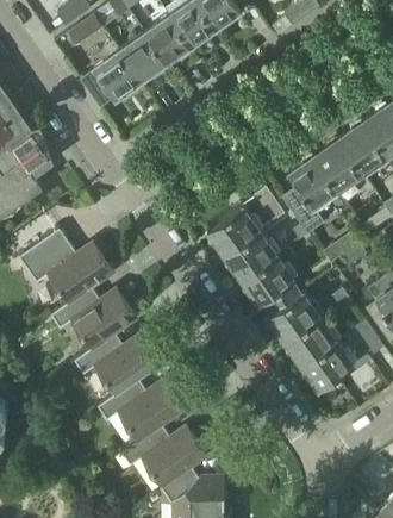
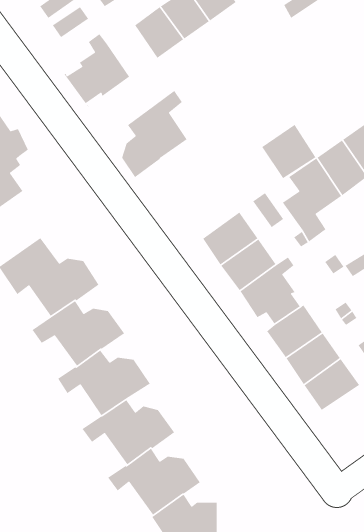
building: [120,35,167,82] -> none
building: none -> [121,90,188,178]
building: none -> [261,124,317,179]

